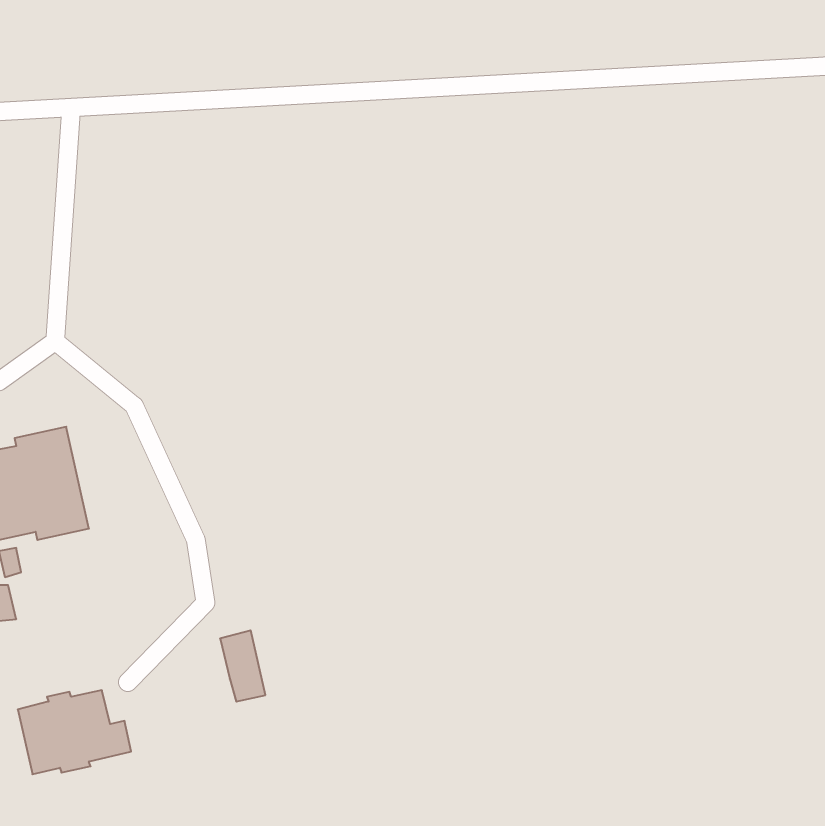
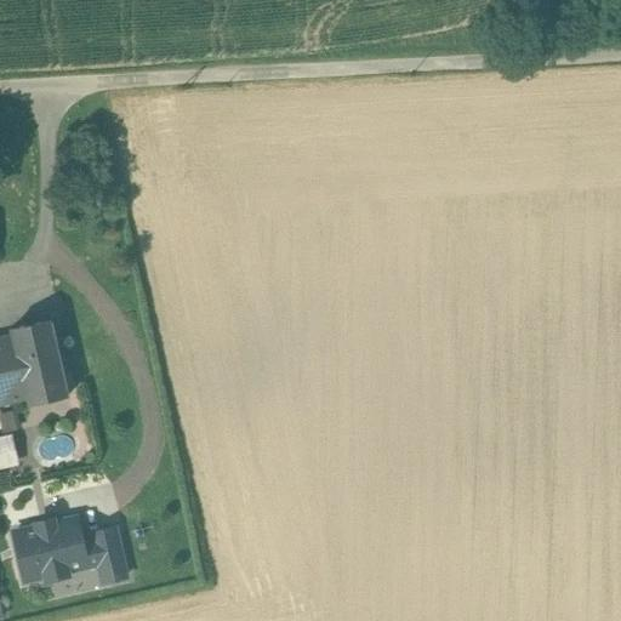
building: [220,630,265,702] -> [91,528,125,581]

